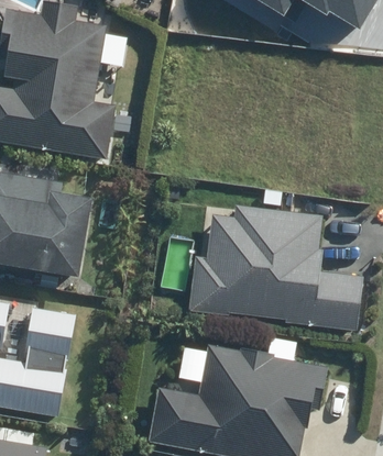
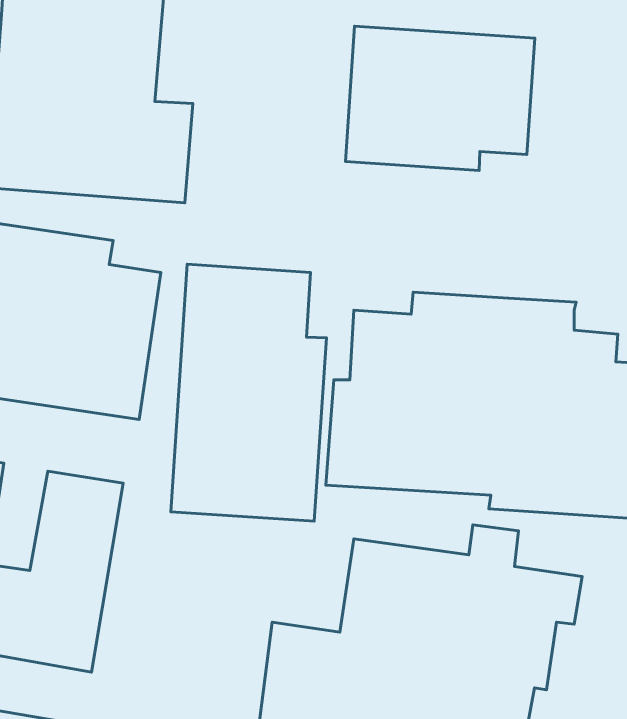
building: none -> [346,26,535,171]
building: none -> [171,264,326,521]

